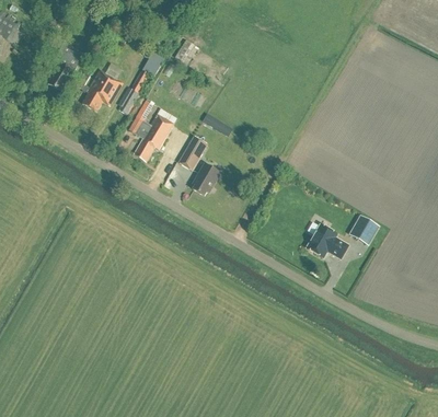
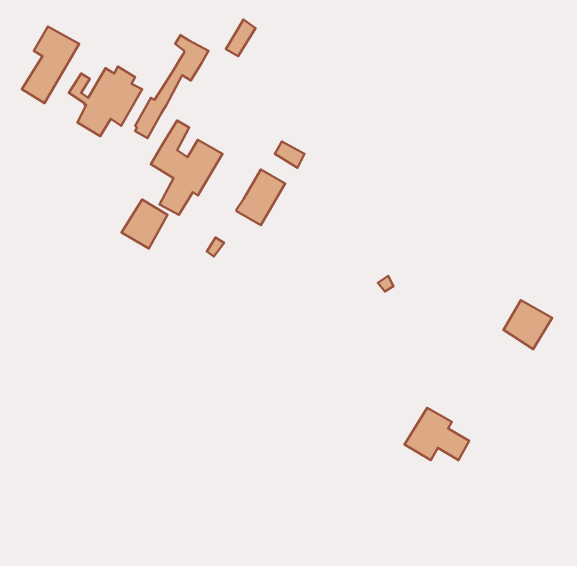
building: none -> [122,200,168,248]
building: [192,163,220,195] -> none
building: [307,224,347,257] -> [405,408,469,460]

